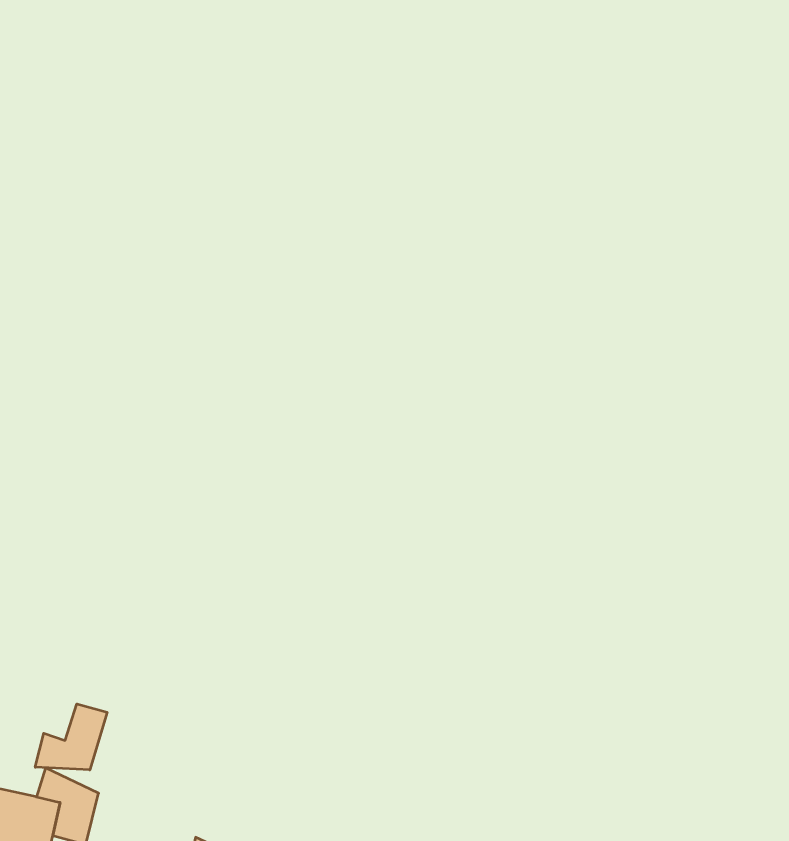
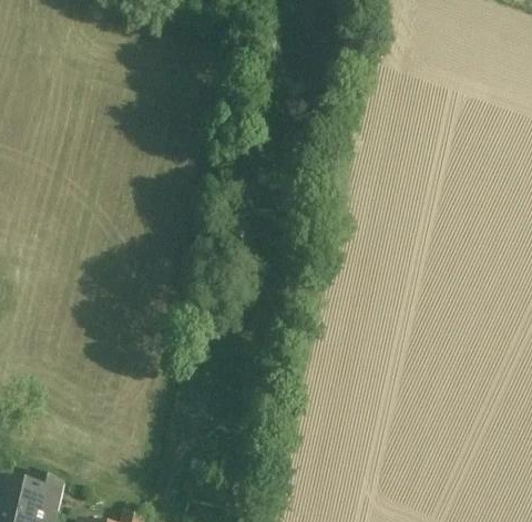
building: [35,704,107,770] -> none

